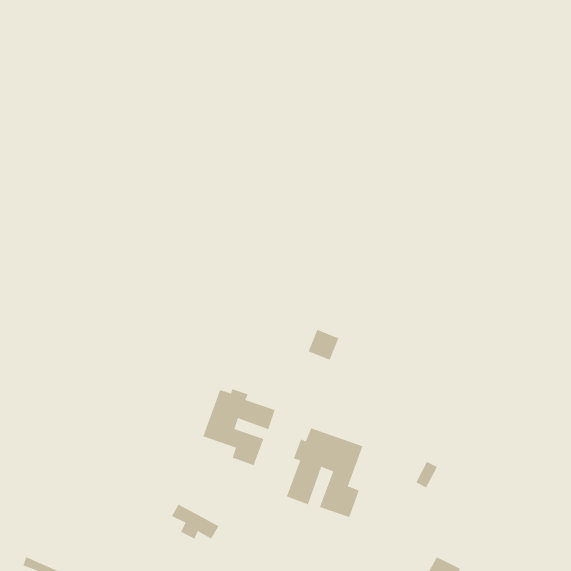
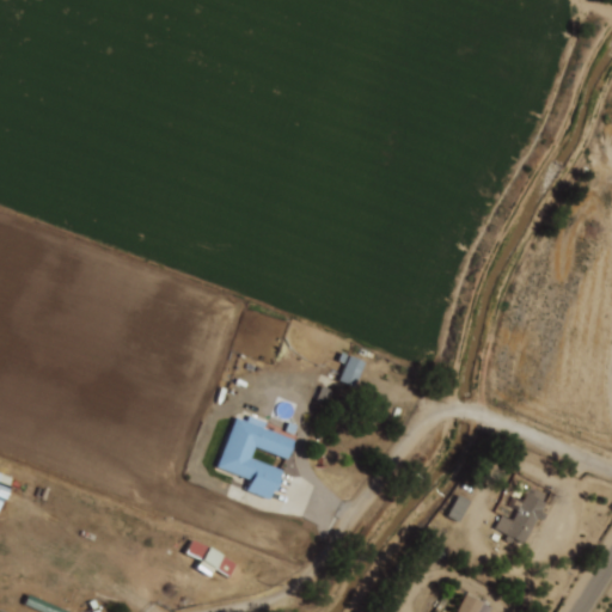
building: [286,427,363,518] -> none
building: none -> [497,486,550,544]

